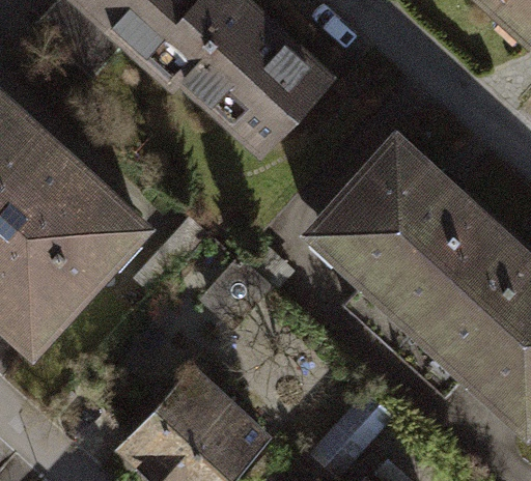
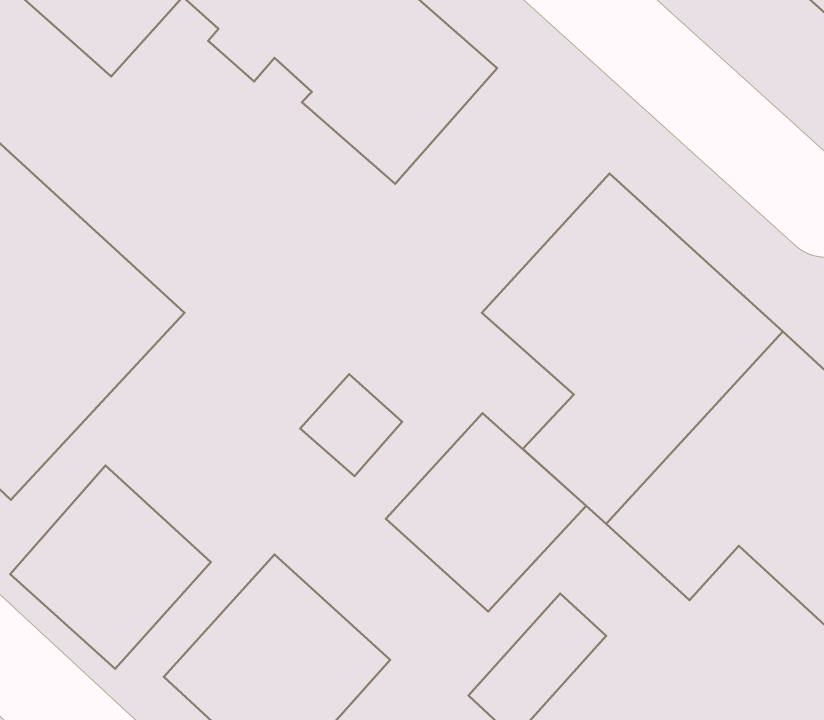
building: none -> [386,413,586,612]
building: none -> [10,466,211,669]

